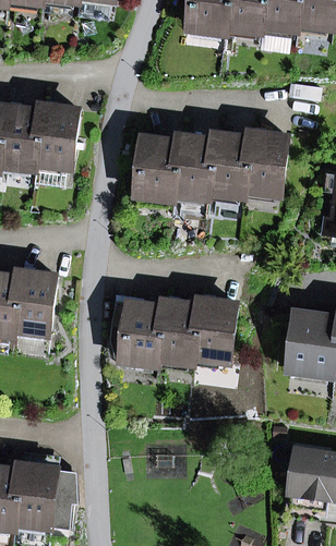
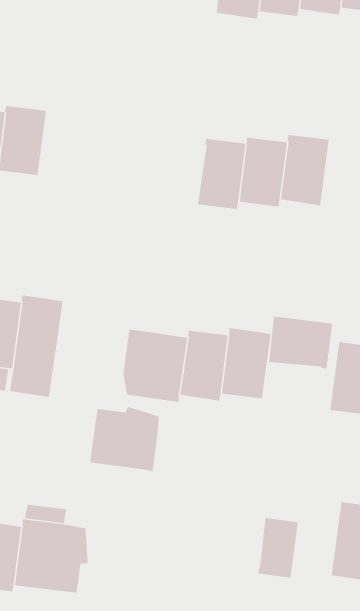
building: [32,105,77,185] -> none
building: [135,137,179,199] -> none
building: none -> [269,316,333,369]
building: none -> [89,406,160,472]
building: none -> [257,517,298,579]

